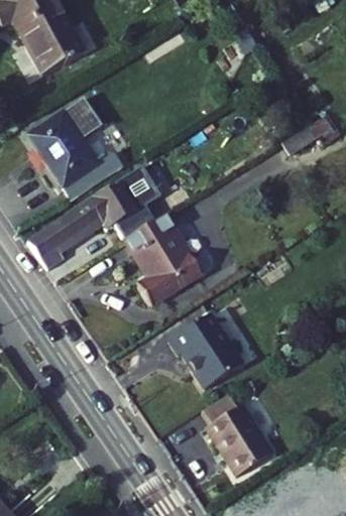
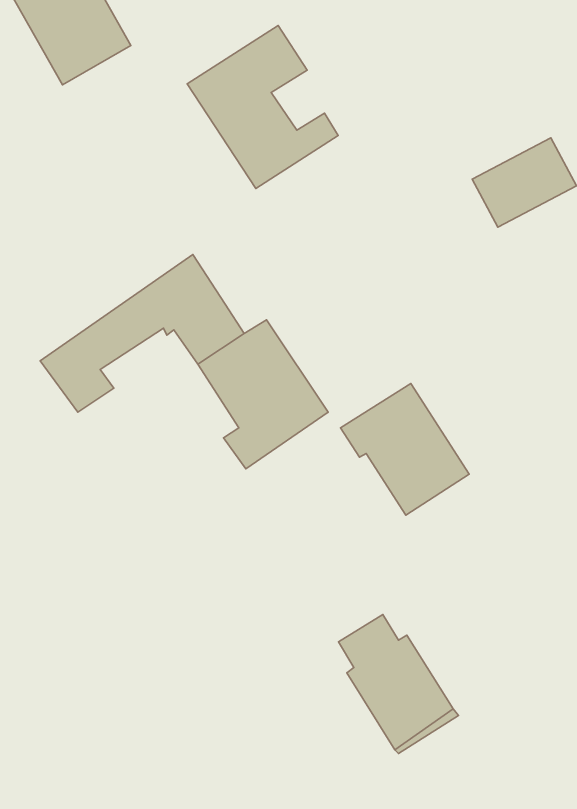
building: [28,105,117,201] -> [187,26,338,188]
building: [118,163,156,206] -> none
building: [168,309,244,387] -> [341,383,469,515]

